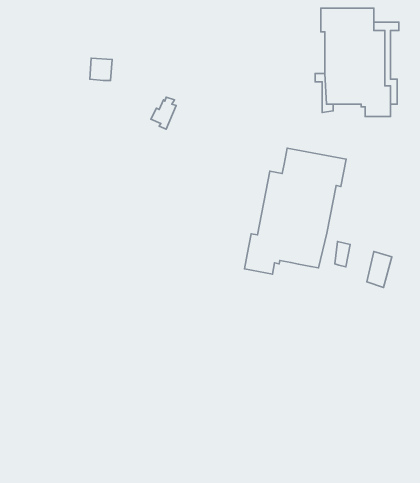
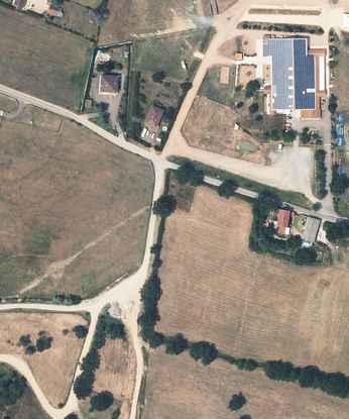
building: [244,148,346,274] -> none

